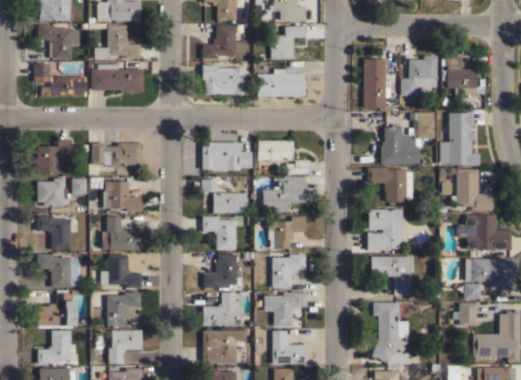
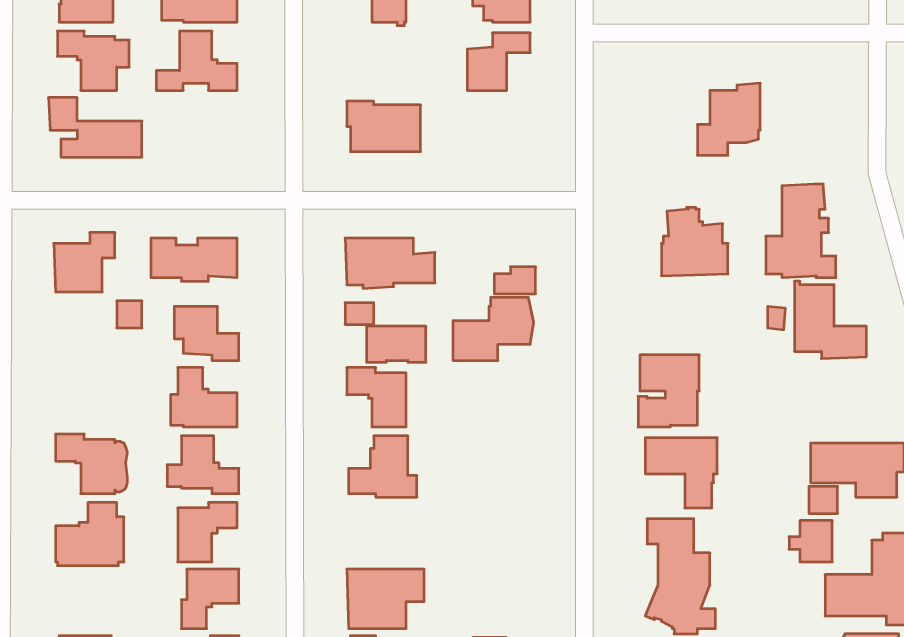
building: [201,25,246,59] -> none
building: [445,56,476,95] -> none
building: [363,58,399,111] -> none
building: [92,64,143,93] -> none
building: [256,67,305,97] -> none
building: [417,112,435,139] -> none
building: [257,140,293,161] -> none
building: [367,167,413,202] -> none
building: [38,178,64,206] -> none
building: [456,214,511,252] -> none
building: [38,216,77,250] -> none
building: [269,216,305,248] -> none
building: [272,254,305,287] -> none
building: [202,292,242,326] -> none
building: [264,292,306,326] -> none
building: [38,330,71,364] -> none
building: [272,330,305,364] -> none

